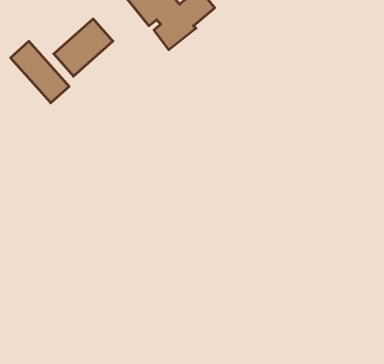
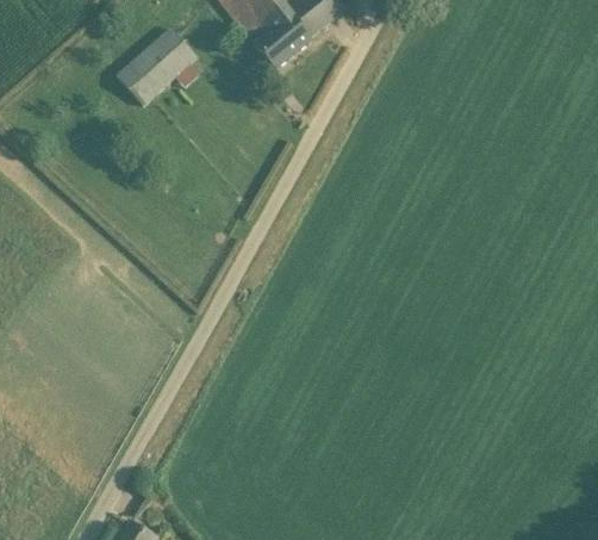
building: [11,41,69,103] -> none

